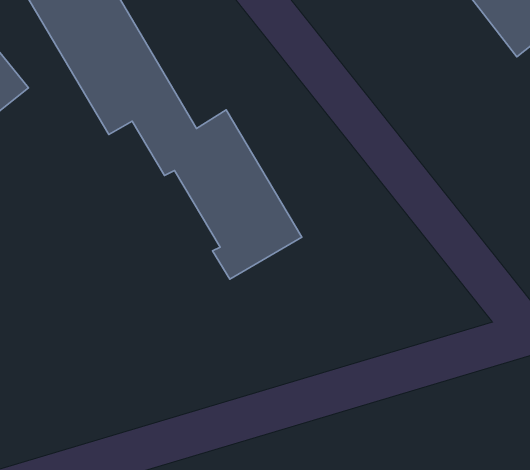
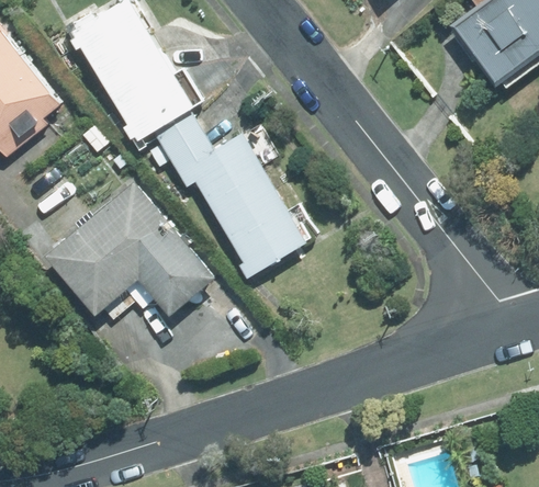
building: none -> [46,181,217,318]

